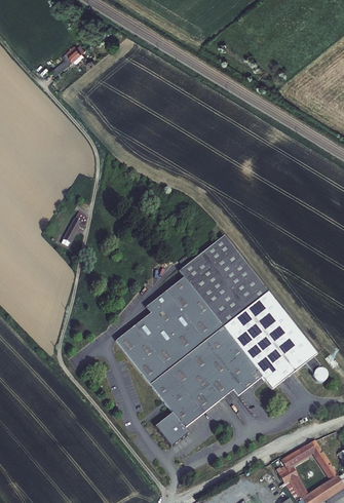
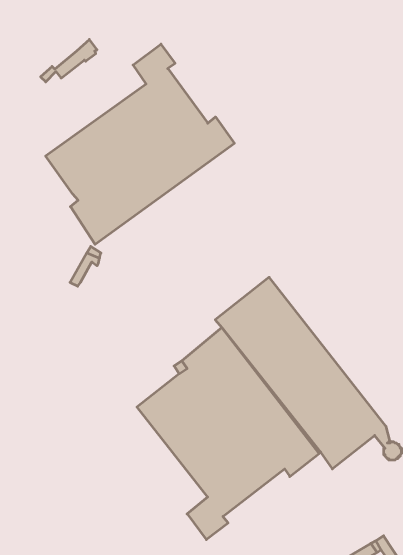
building: none -> [46,44,234,244]

